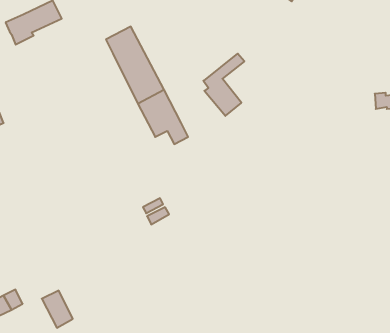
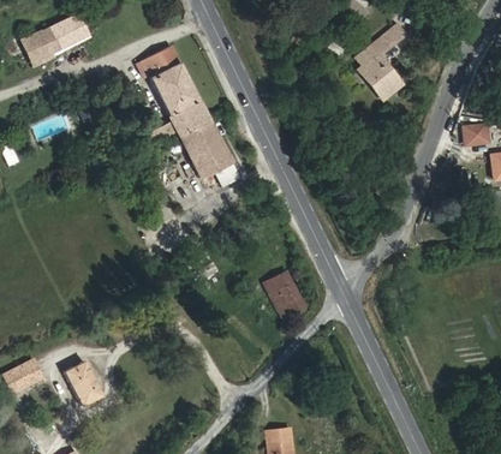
building: [203,54,244,116] -> [357,24,406,98]
building: none -> [266,270,308,318]

